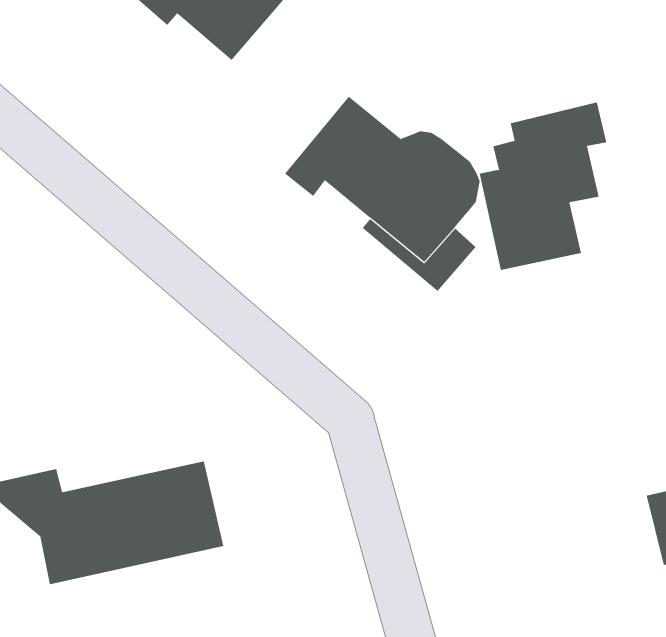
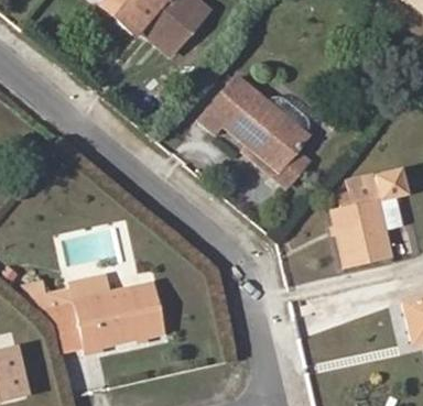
building: [479,102,607,271] -> [333,171,405,266]

